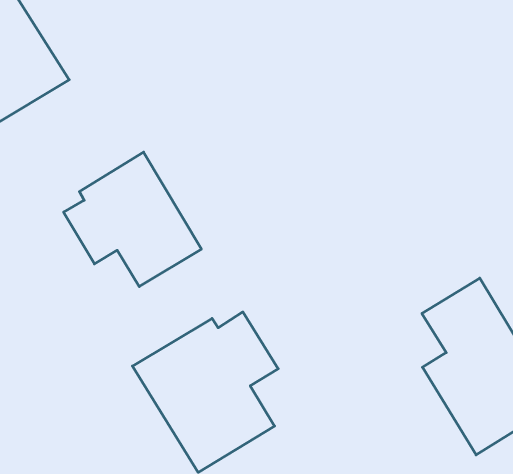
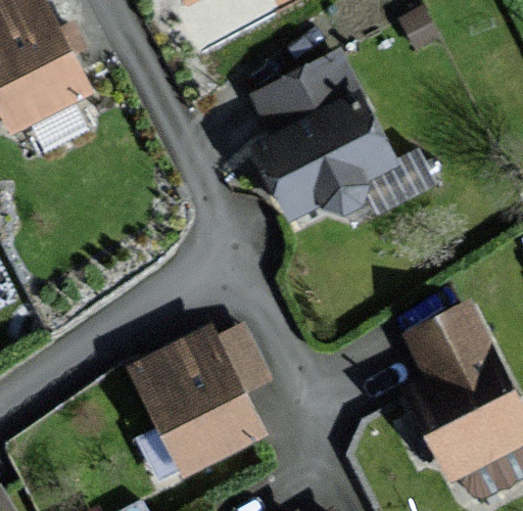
building: none -> [253,52,399,219]
building: [64,152,201,287] -> none

